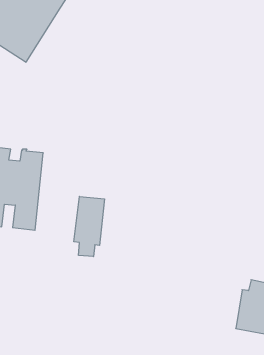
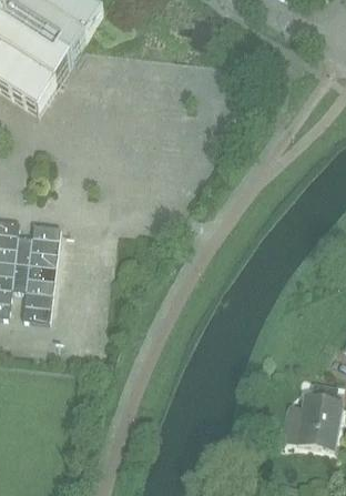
building: [74,196,104,257] -> none

